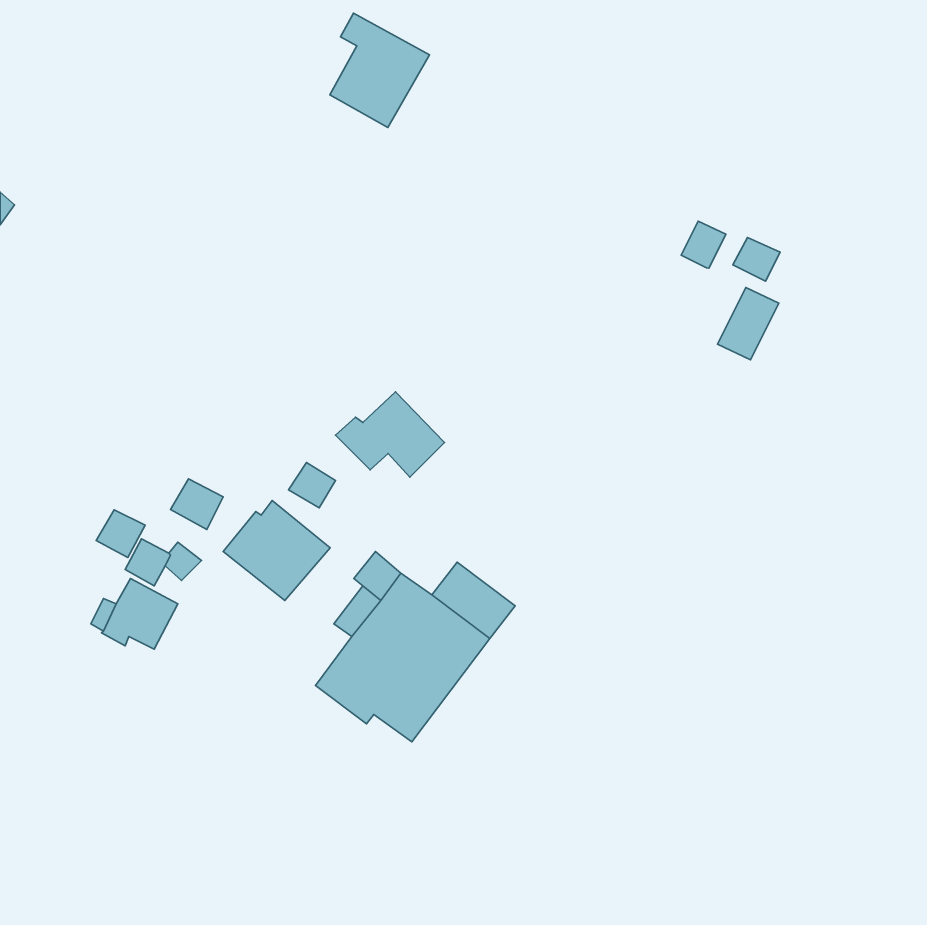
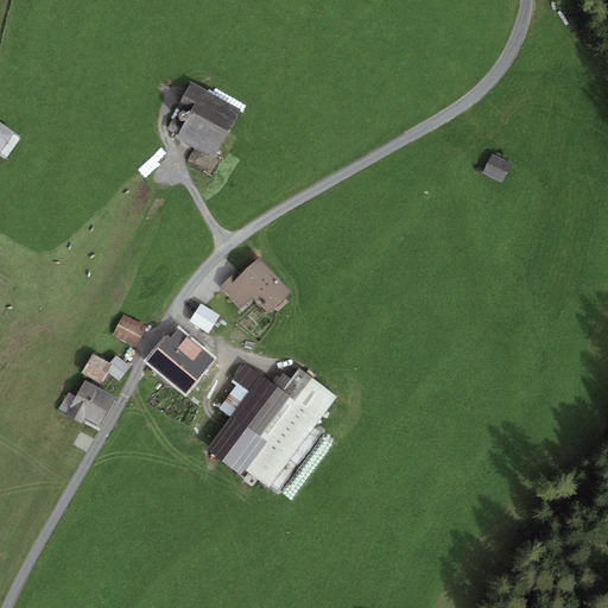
building: [330,13,430,127] -> [171,86,236,160]
building: [681,221,726,268] -> none
building: [717,287,779,360] -> none
building: [96,510,145,557] -> none

